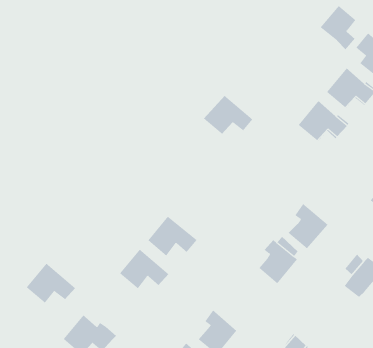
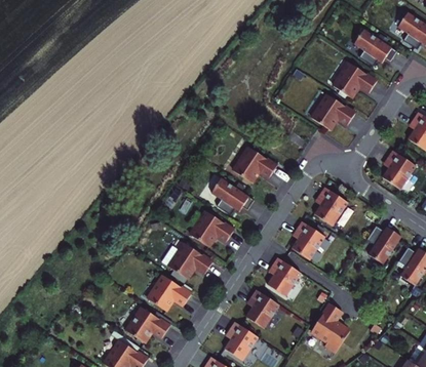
building: [320,5,356,50] -> none
building: [203,95,253,134] -> [232,148,276,182]
building: none -> [212,176,255,212]
building: [26,263,76,303] -> [147,275,191,311]
building: none -> [266,257,301,296]

